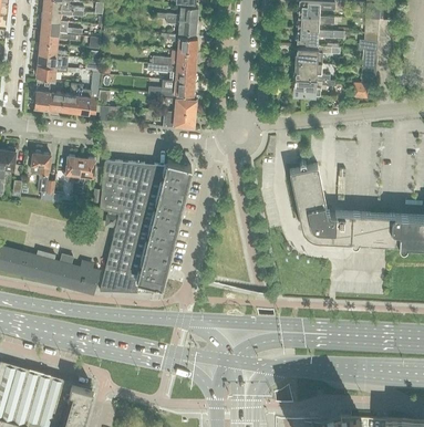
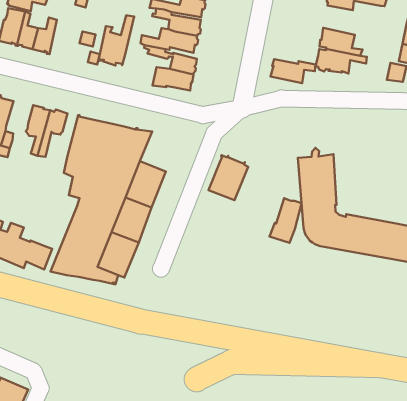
building: [296,48,331,65] -> [271,59,316,83]
building: [75,74,100,116] -> [98,15,134,66]
building: [161,162,190,197] -> [209,155,248,200]
building: none -> [269,198,302,243]

